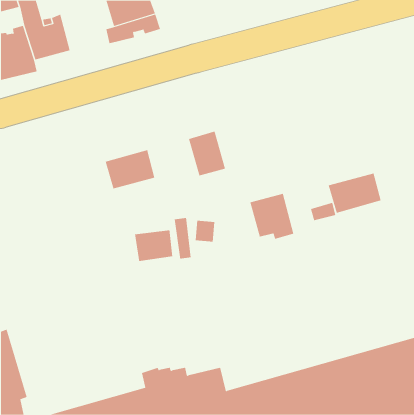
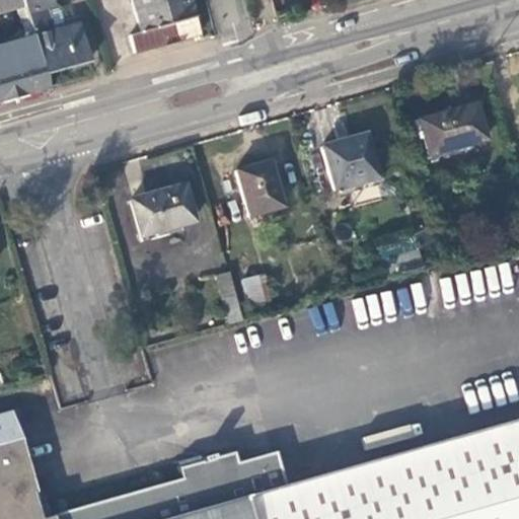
building: [328,173,381,213] -> [419,105,486,156]
building: [249,193,294,240] -> [323,137,379,195]
building: [135,229,173,262] -> none

